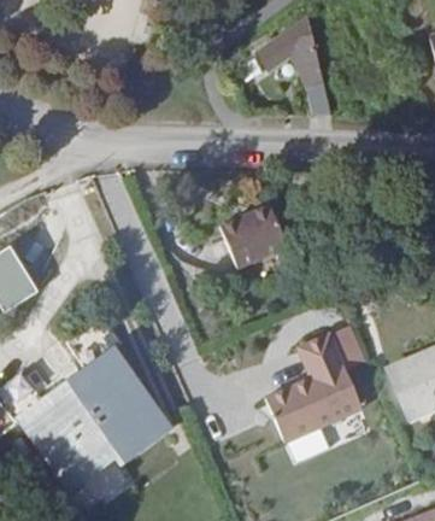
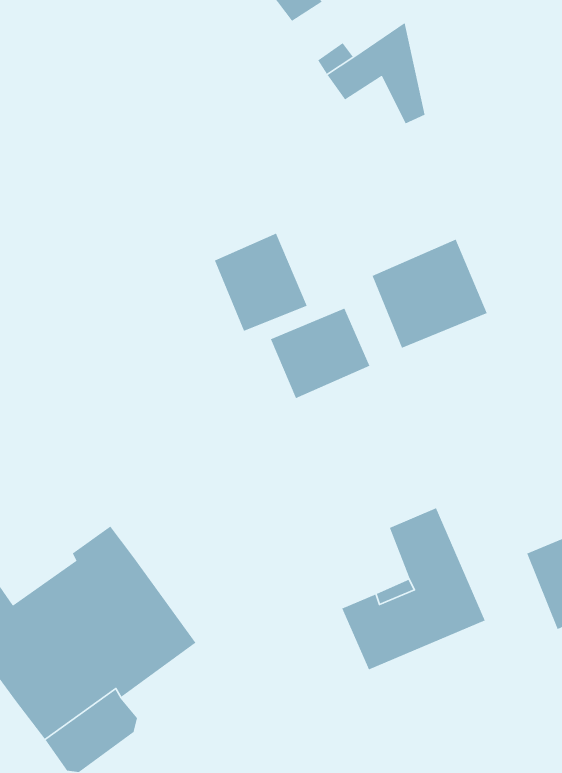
building: none -> [214,232,308,332]
building: none -> [371,239,488,349]

